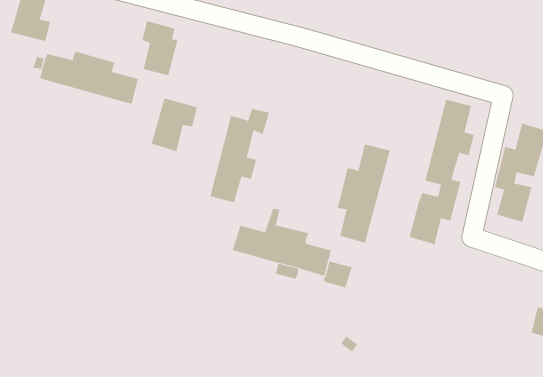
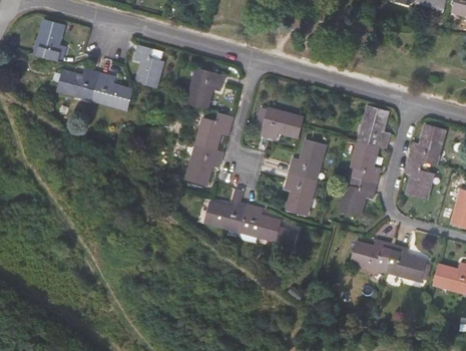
building: [151,98,198,152] -> [186,68,222,109]
building: none -> [257,107,303,138]
building: none -> [350,240,426,280]

